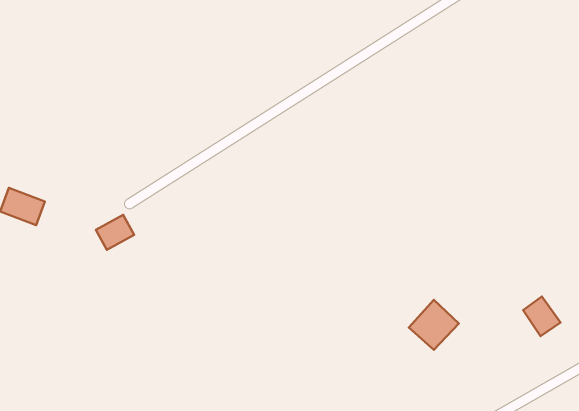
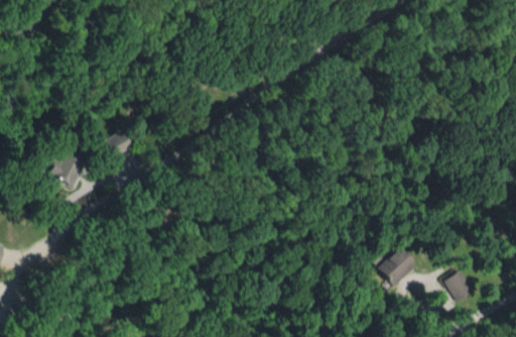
building: [96,215,134,250] -> [101,130,132,158]
building: [523,296,560,336] -> [446,270,477,303]

